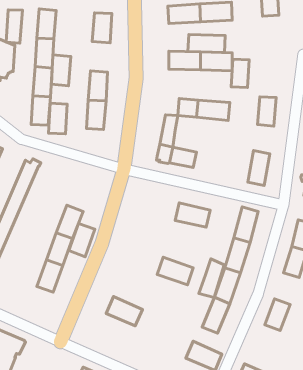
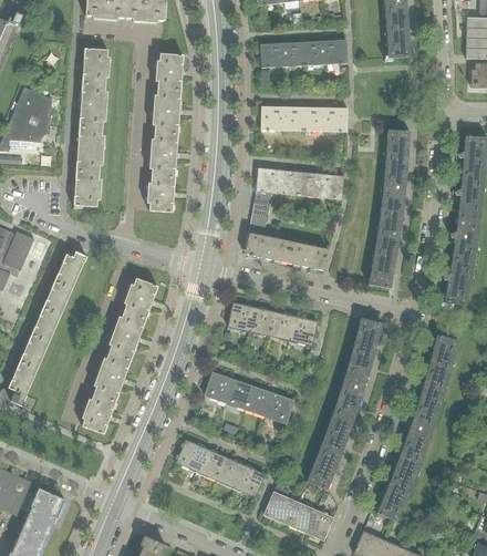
building: [6,10,23,43] -> none
building: [188,35,225,53] -> none
building: [51,55,71,86] -> [155,92,182,134]
building: [231,59,249,88] -> [385,130,410,168]
building: none -> [256,167,276,193]
building: [48,103,67,134] -> none
building: none -> [376,205,404,245]
building: none -> [294,243,329,270]
building: none -> [228,302,276,336]
building: [69,224,95,257] -> [123,278,158,323]
building: none -> [205,371,253,409]
building: [199,259,224,298] -> none
building: none -> [405,406,438,450]
building: none -> [216,456,266,496]
building: none -> [377,477,413,521]
building: none -> [265,491,294,523]

